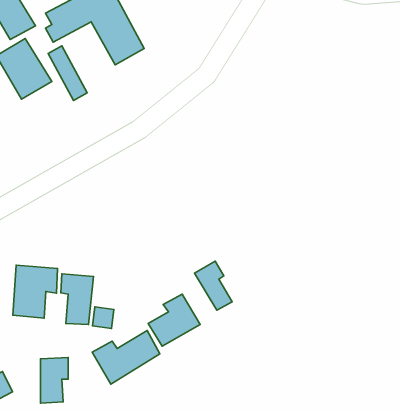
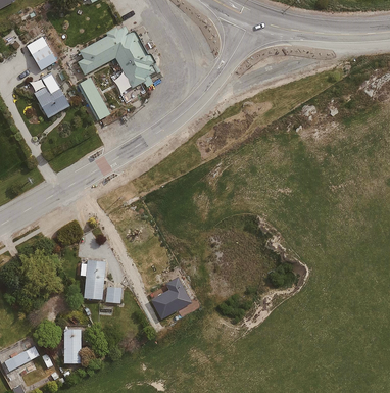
building: [194,261,232,310] -> none
building: [13,265,58,318] -> none
building: [92,331,160,384] -> none

